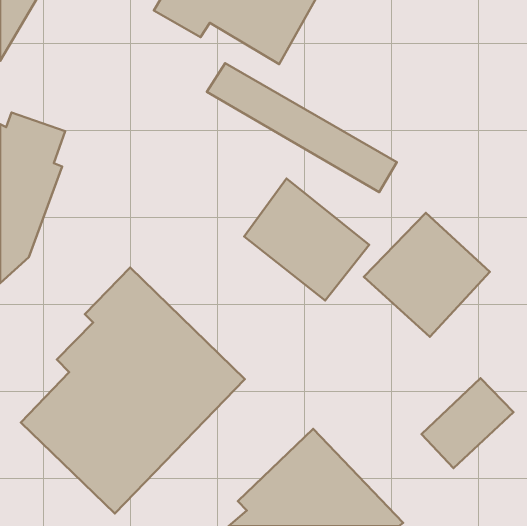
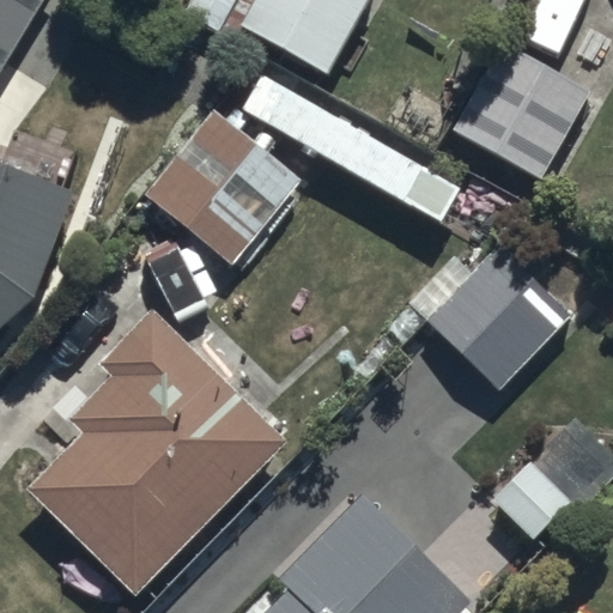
building: none -> [451,43,590,180]
building: none -> [141,107,299,266]
building: [244,179,369,301] -> none

